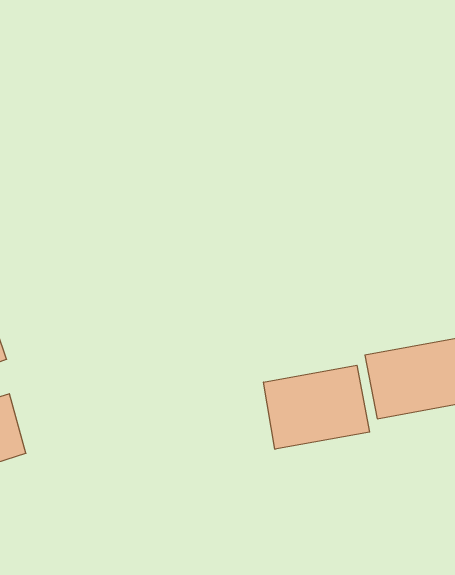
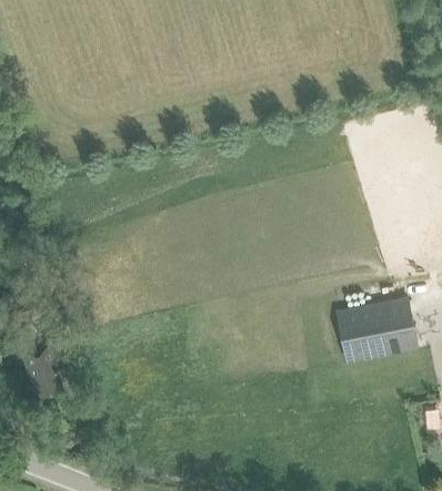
building: [264,365,370,449] -> none

